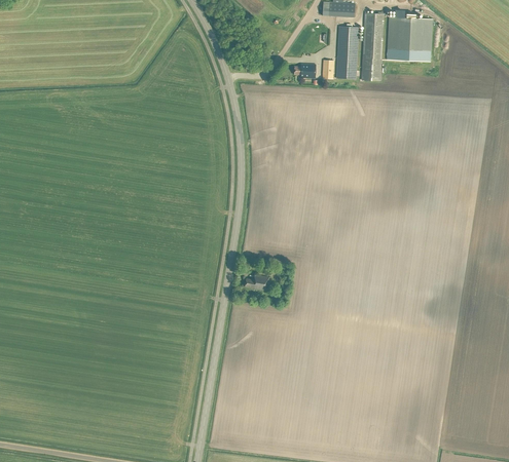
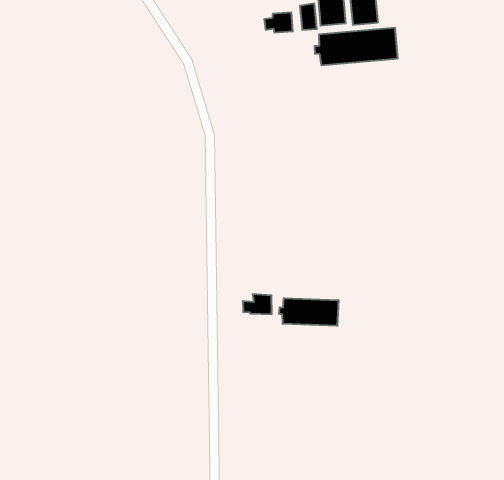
building: none -> [315,28,397,65]
building: none -> [279,298,338,326]

